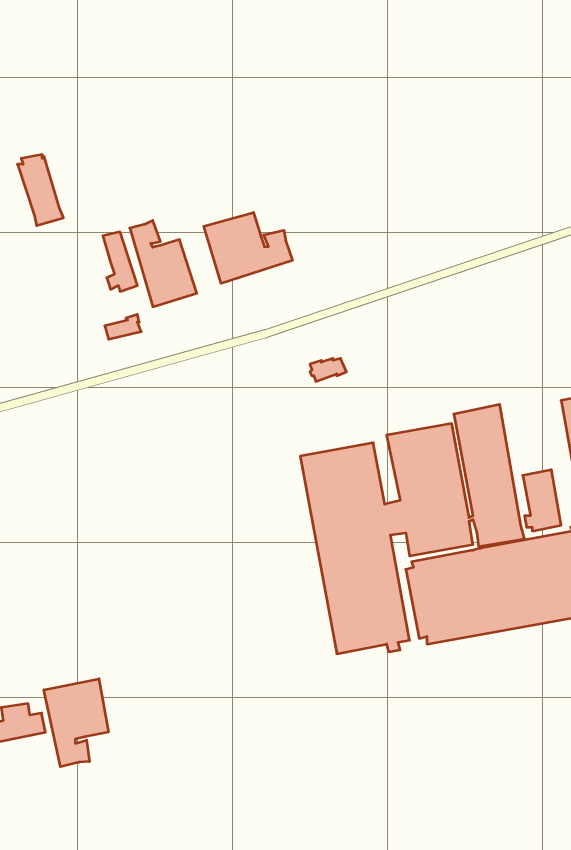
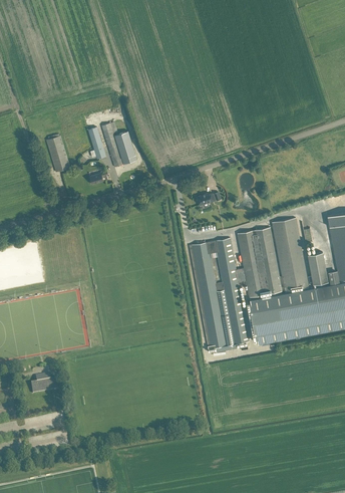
building: [17,155,63,226] -> [45,135,69,172]
building: [204,212,292,283] -> none
building: [44,679,108,767] -> none

